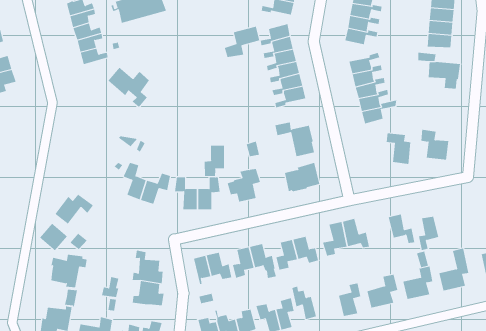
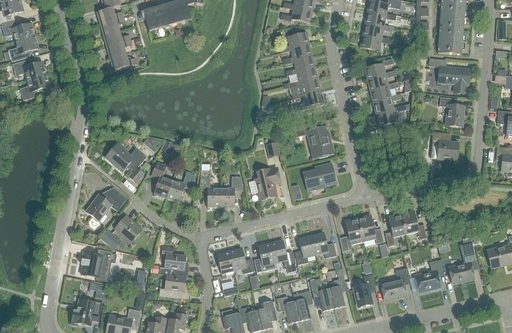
building: [224,26,260,58] -> none
building: [108,67,150,108] -> [105,143,145,182]
building: [386,133,411,164] -> [439,97,463,127]
building: [204,145,225,177] -> none
building: [418,216,439,251] -> [385,214,405,247]
building: [39,223,68,251] -> [114,215,141,242]
building: none -> [328,268,347,308]

